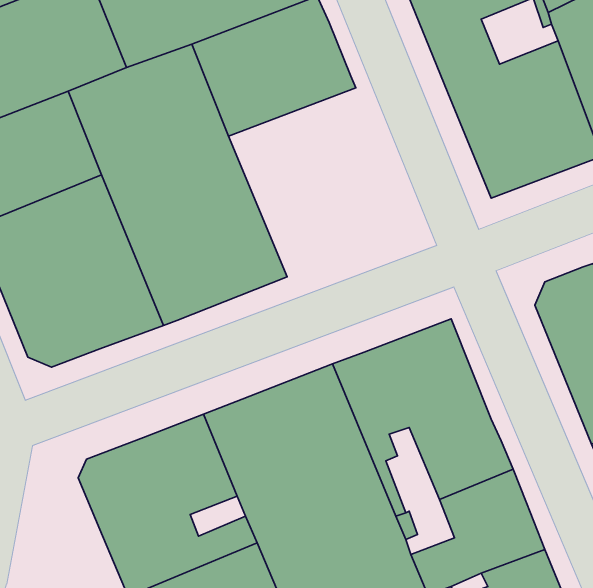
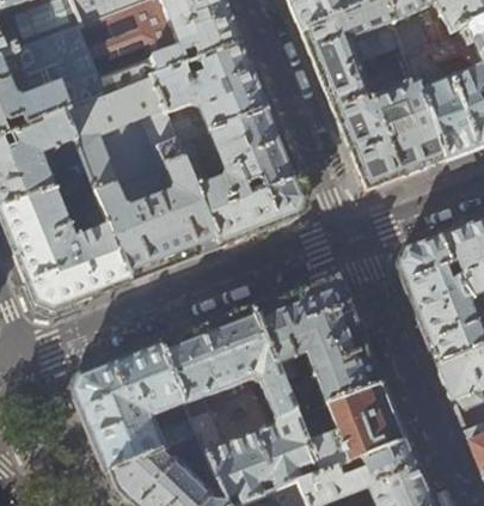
building: none -> [177,109,305,244]

